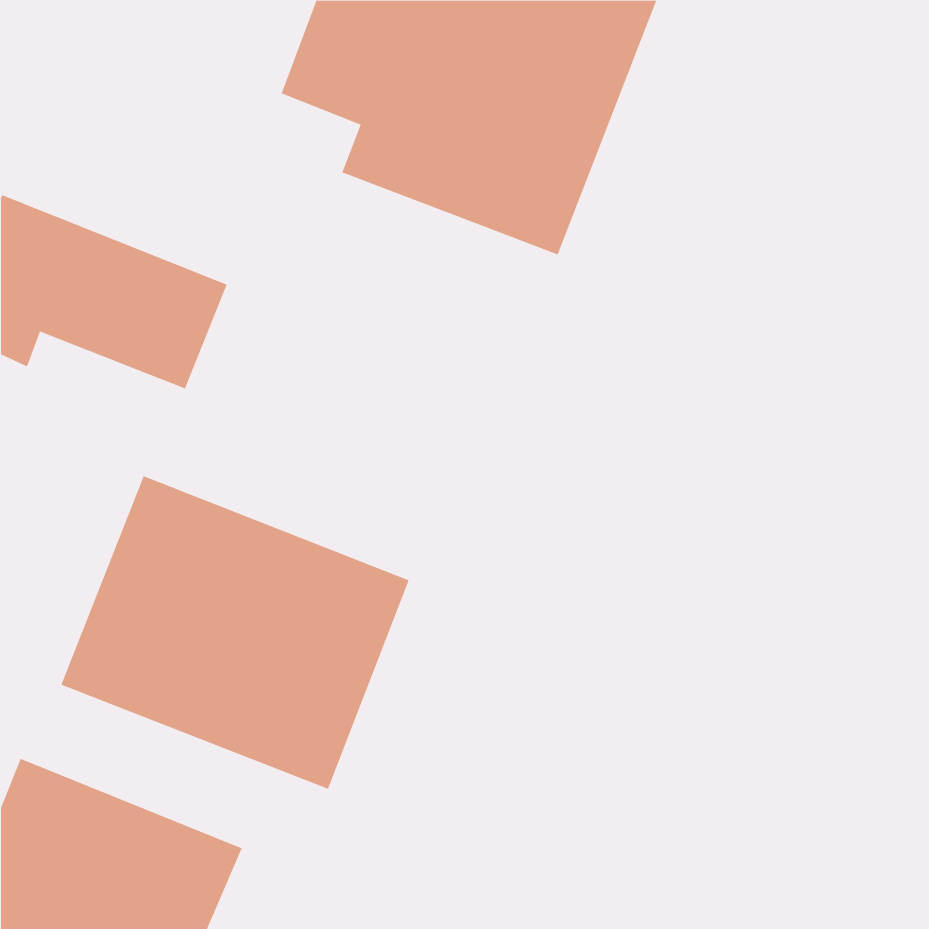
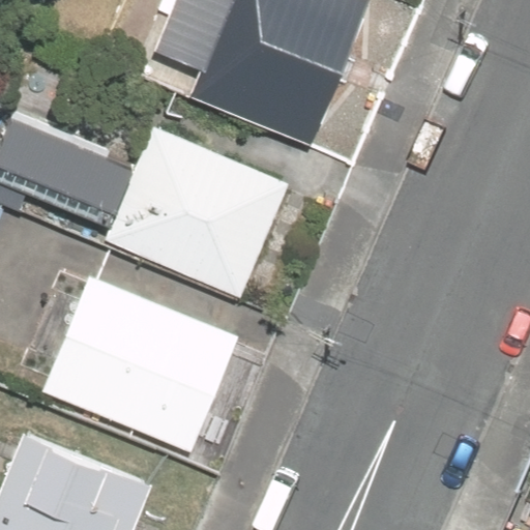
building: none -> [102,123,287,296]

